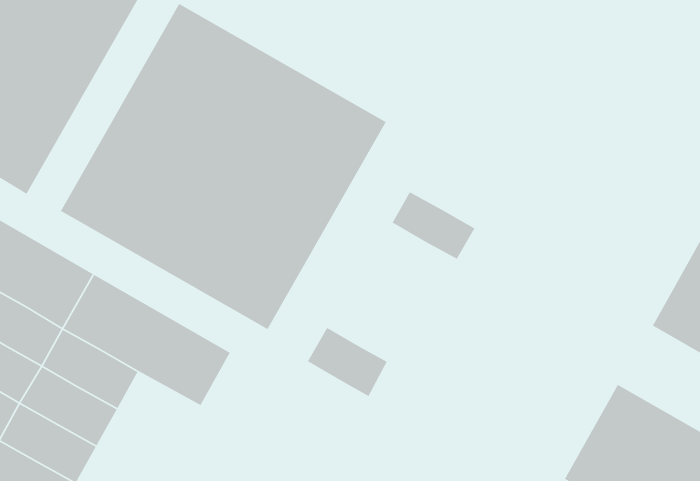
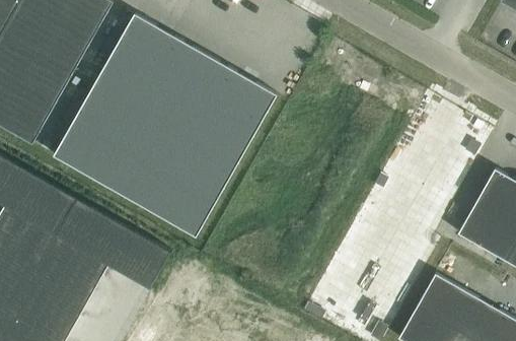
building: [391,191,475,260] -> none
building: [307,327,388,397] -> none

